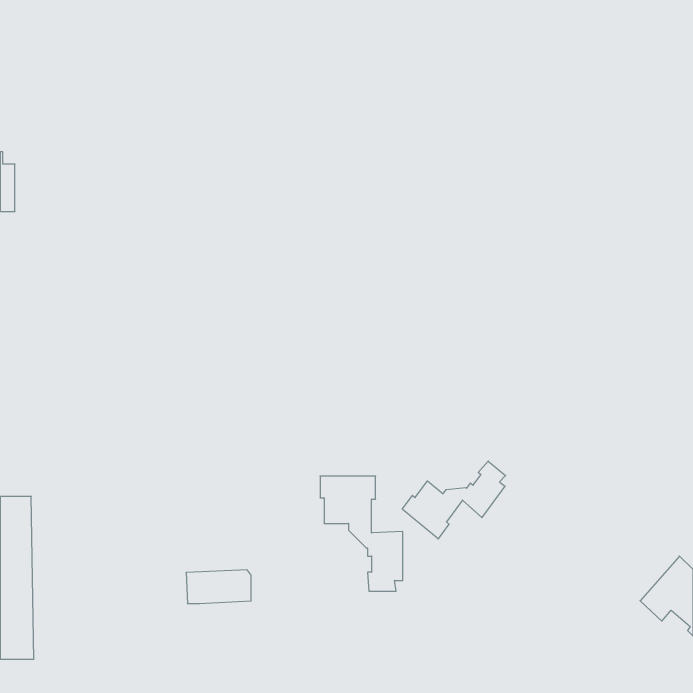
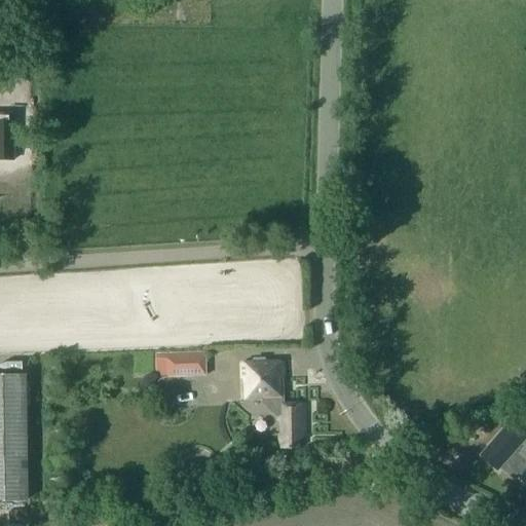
building: [402,461,506,539] -> none
building: [186,570,251,604] -> [158,352,208,378]

